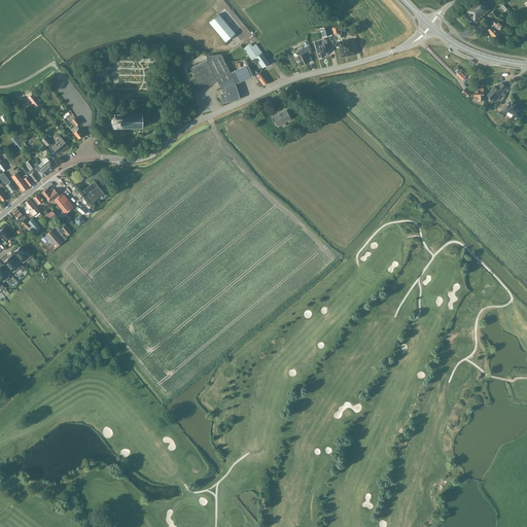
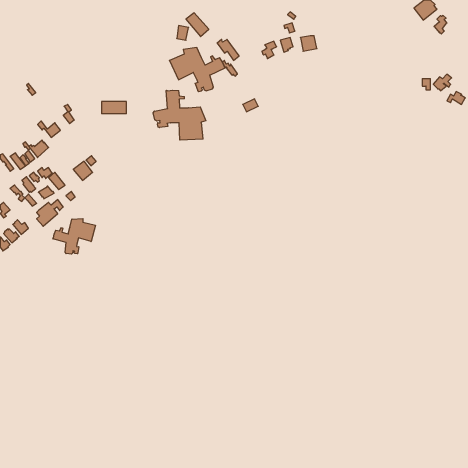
building: none -> [153,90,206,140]
building: none -> [53,219,95,254]

